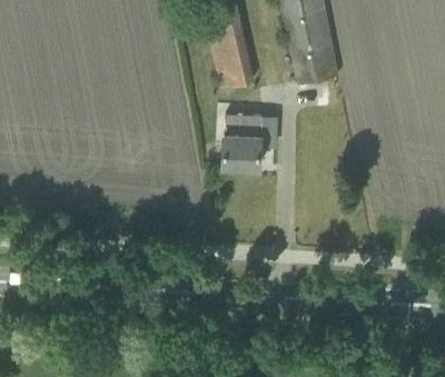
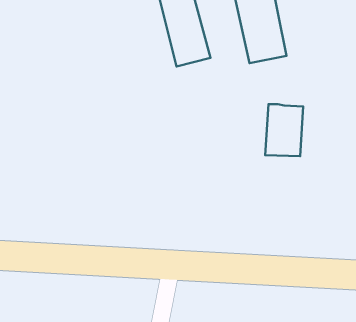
building: [223,111,263,166] -> [265,104,303,156]

